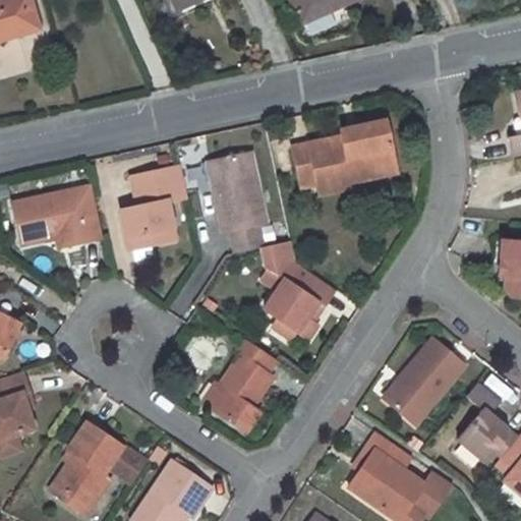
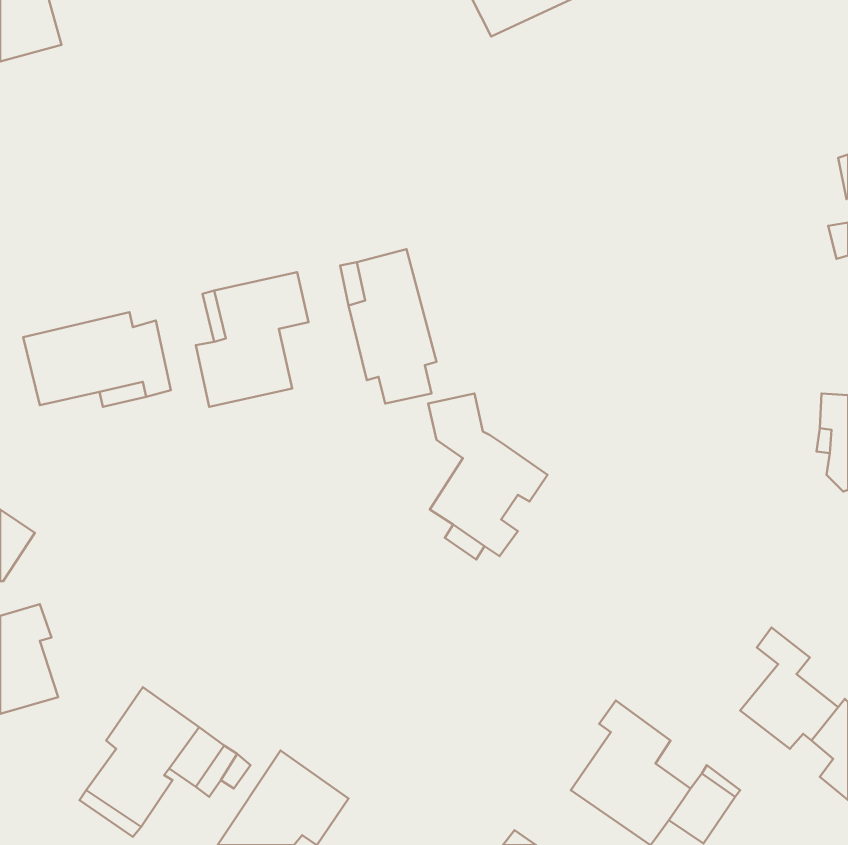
building: [292,121,399,193] -> none
building: [383,336,457,422] -> none
building: [209,339,277,428] -> none

